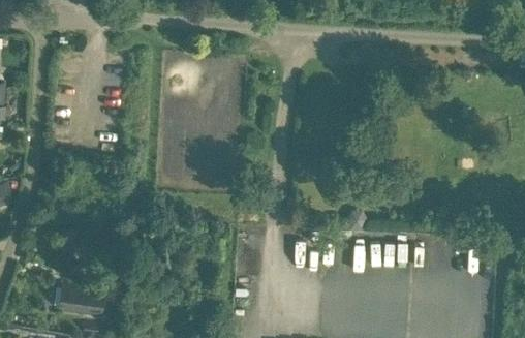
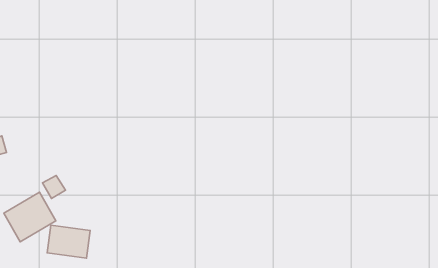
building: none -> [4,192,56,242]

